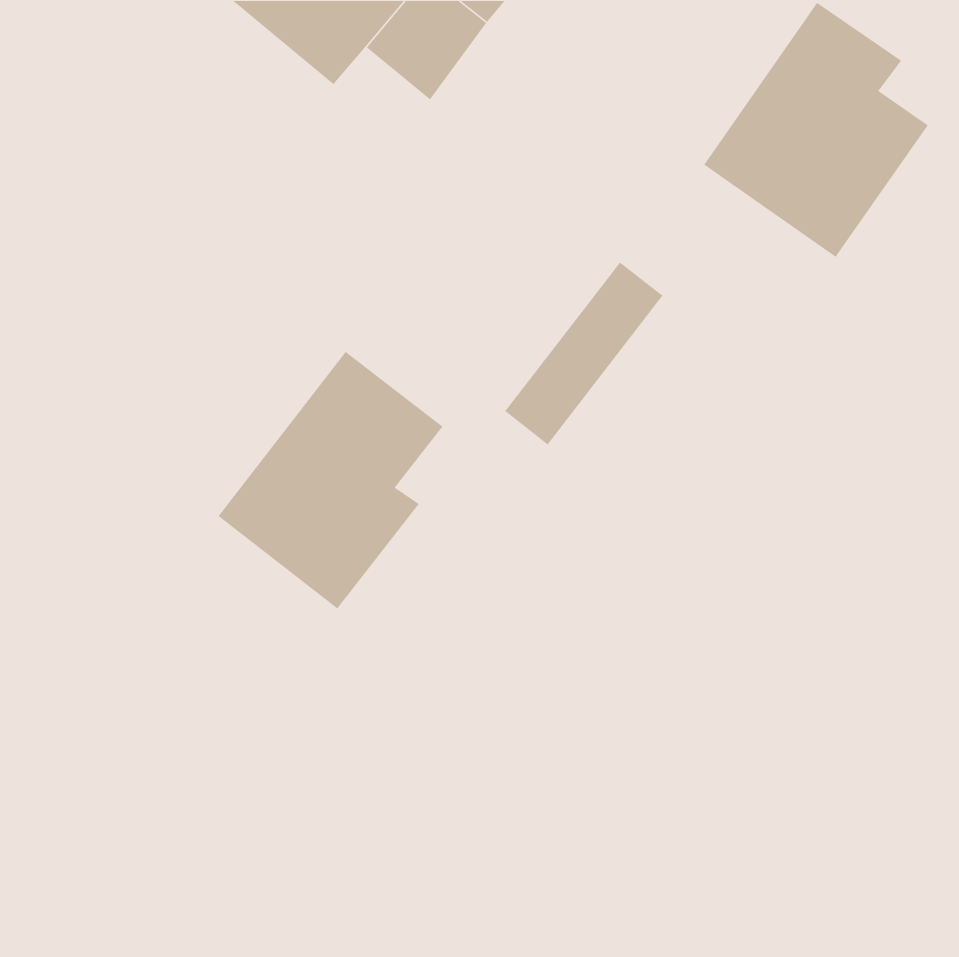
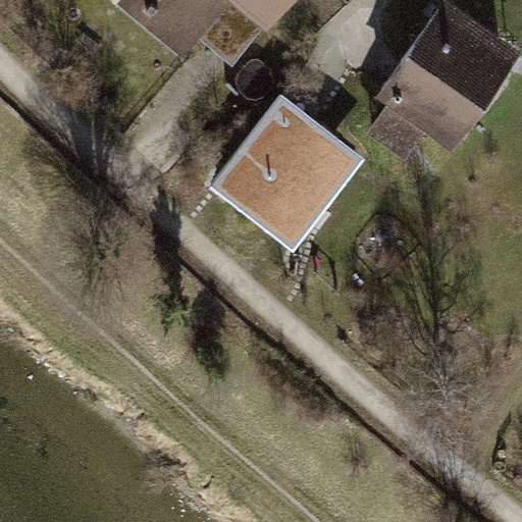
building: none -> [223,110,333,227]
building: [218,351,444,609] -> none

